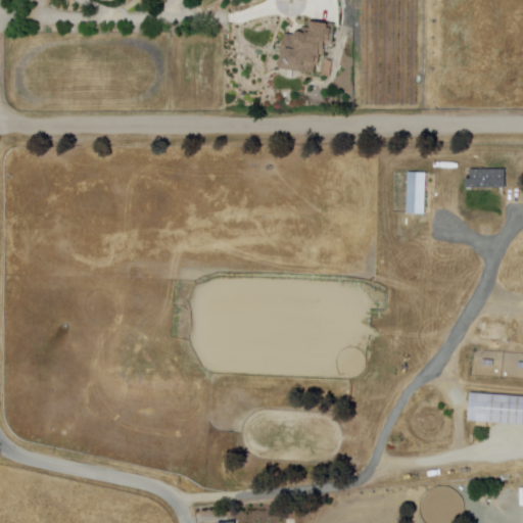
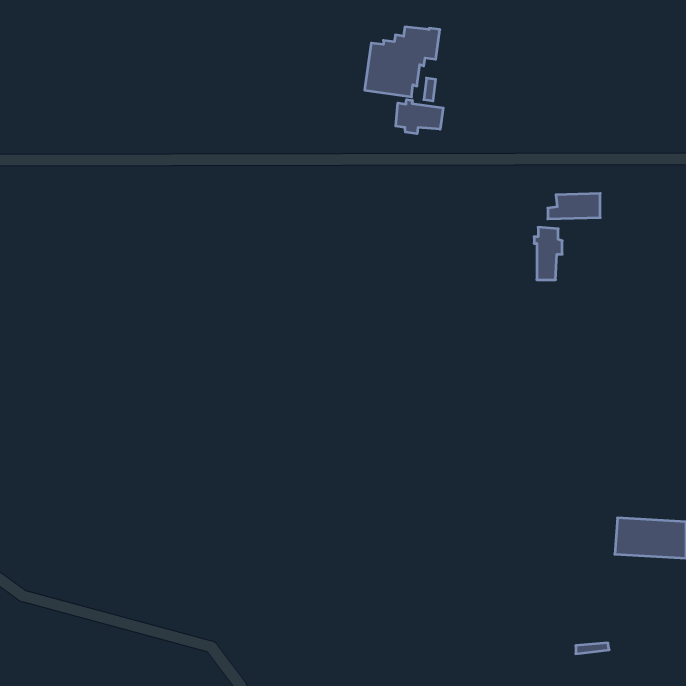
building: none -> [396,100,443,134]
building: [465,168,505,187] -> [548,193,600,219]

